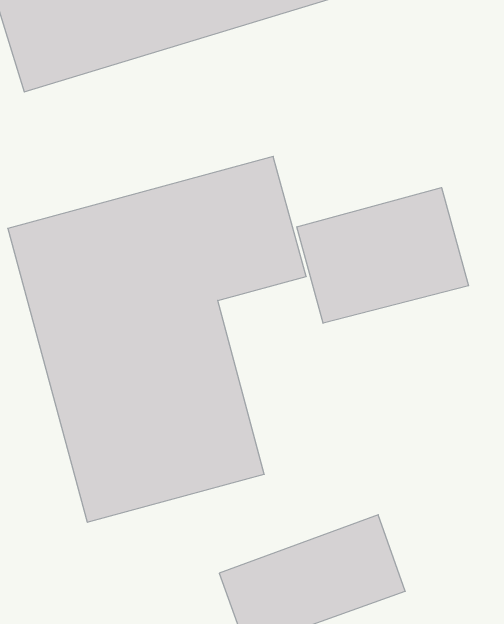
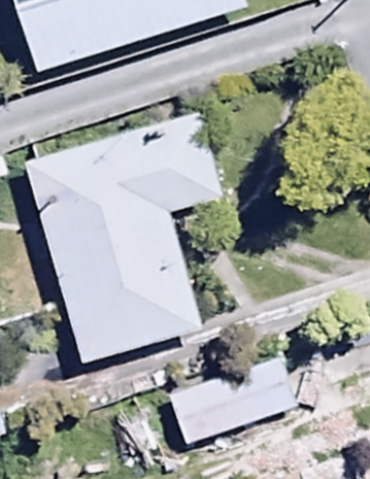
building: [297,188,469,323] -> none

